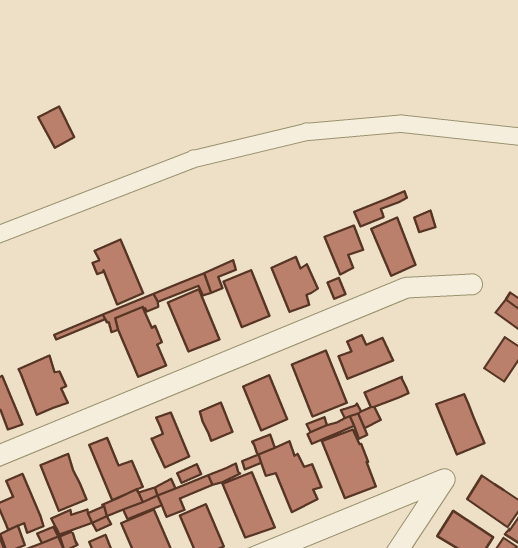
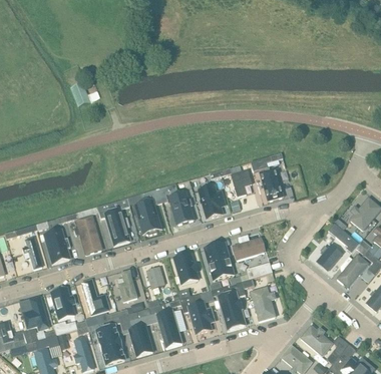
building: [92,240,143,304] -> [72,217,100,255]
building: [436,394,485,455] -> [251,287,277,322]

